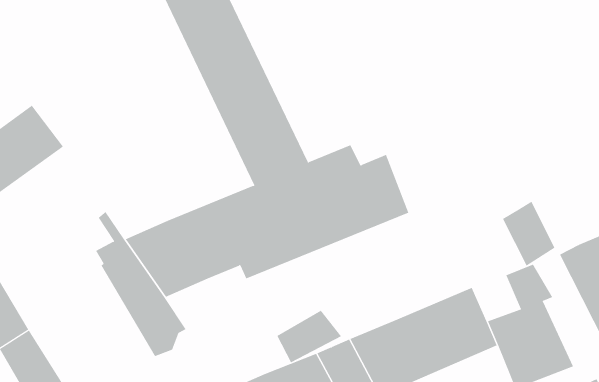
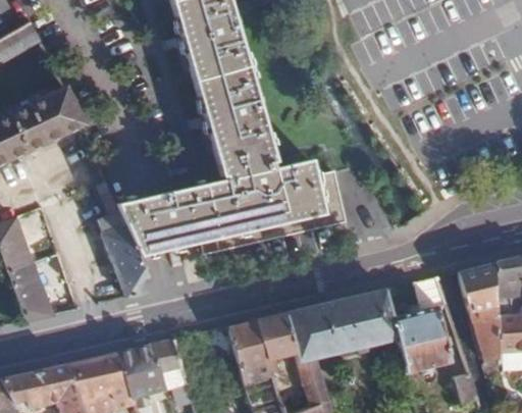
building: [502,201,555,267] -> none
building: [276,310,342,363] -> none

